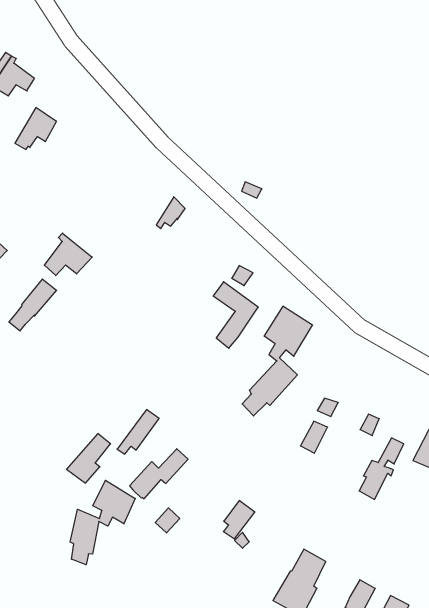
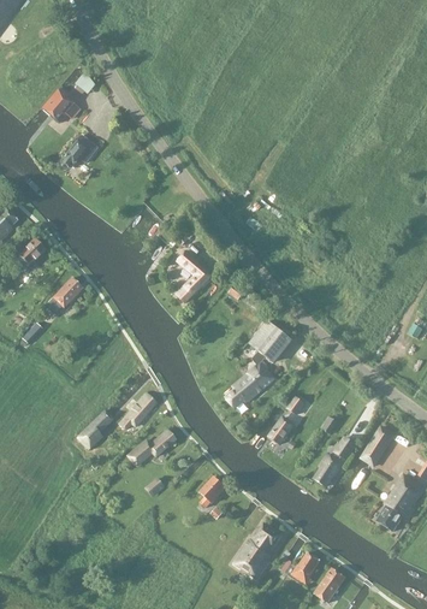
building: [44,233,92,276] -> none
building: [213,282,258,348] -> [177,250,214,306]
building: [70,480,135,565] -> none

